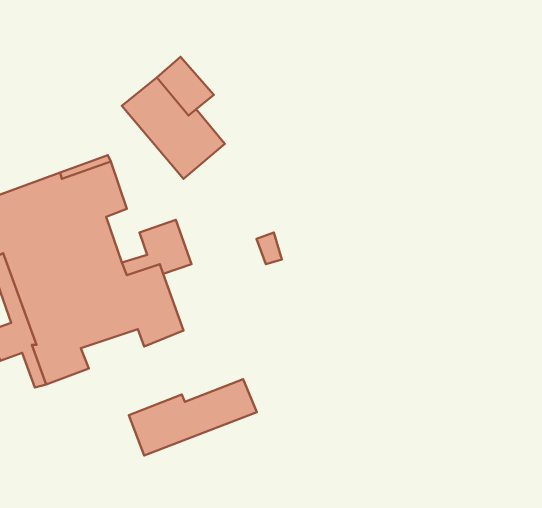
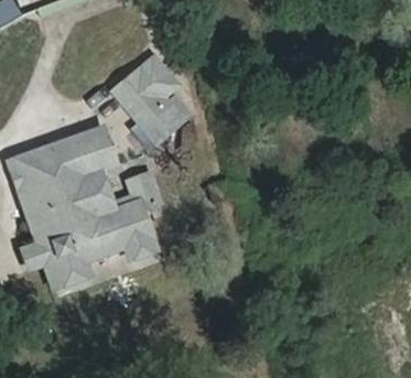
building: [129,379,257,455] -> none

